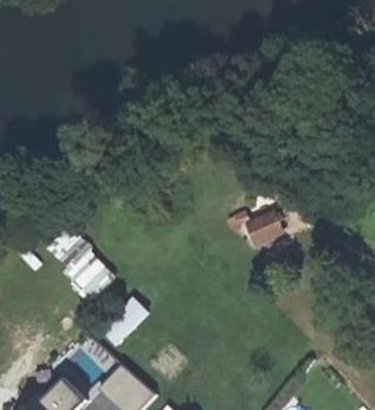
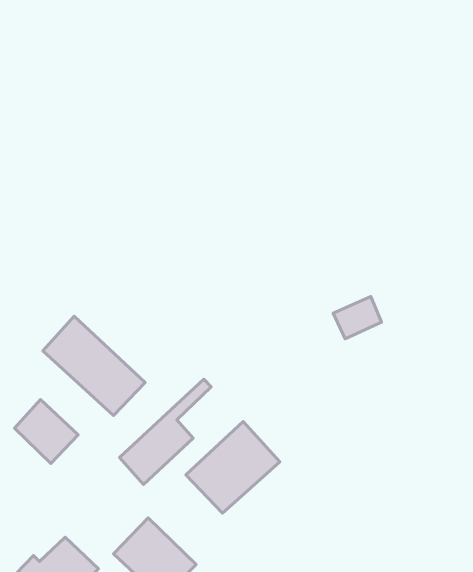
building: none -> [14,400,78,463]
building: none -> [186,422,280,513]

